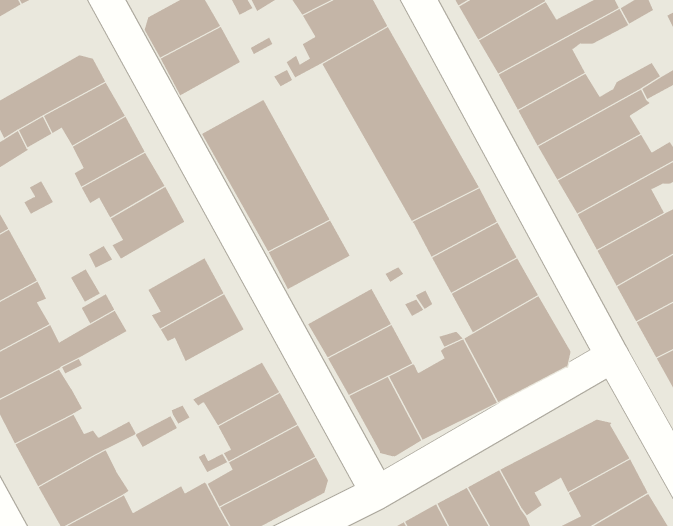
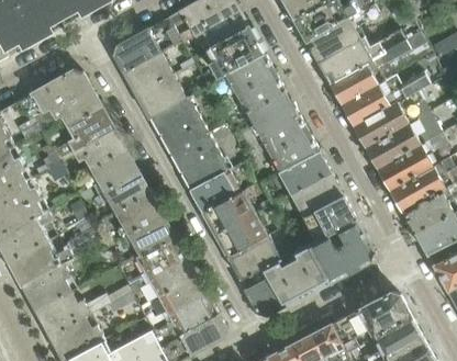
building: none -> [135,74,186,117]
building: none -> [99,171,151,213]
building: none -> [201,191,253,234]
building: none -> [136,237,186,280]

